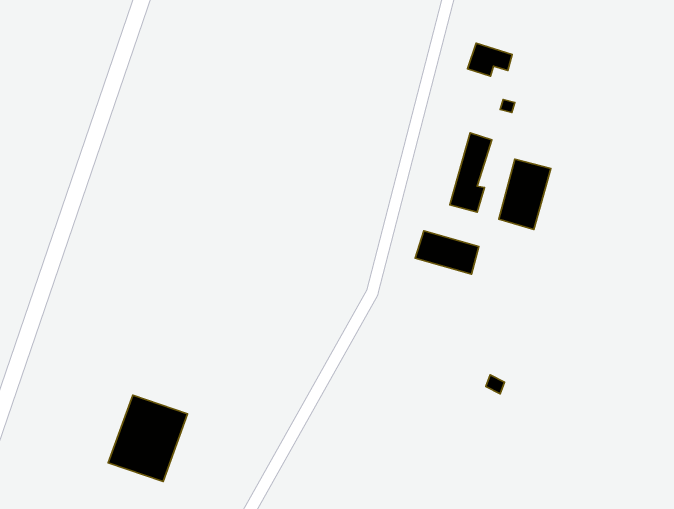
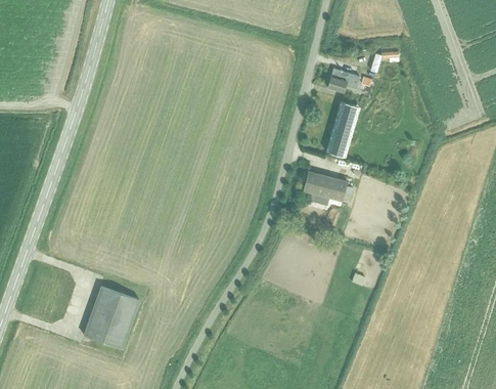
building: [467,43,512,76] -> [327,69,359,92]
building: [499,159,551,229] -> none

